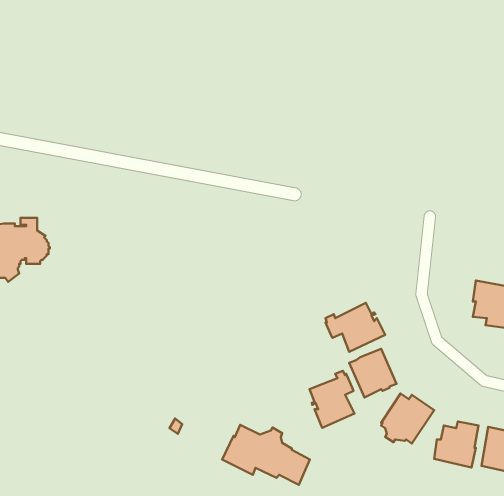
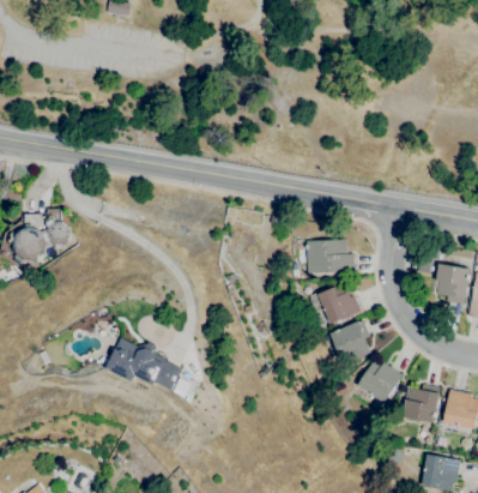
building: none -> [307,239,356,273]
building: [309,371,355,428] -> none
building: [222,425,310,485] -> [105,338,181,390]

